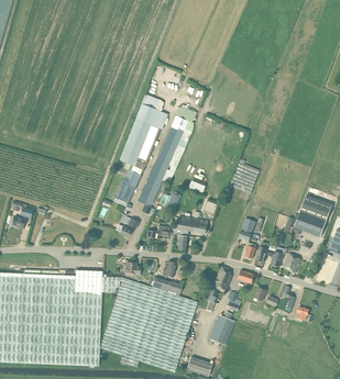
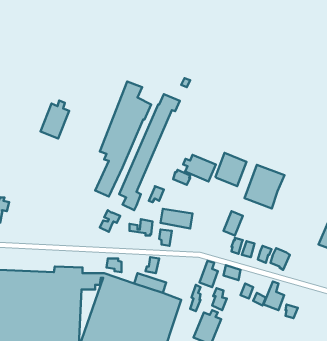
building: none -> [41,101,69,139]
building: none -> [183,155,216,181]
building: [294,193,332,235] -> [244,165,284,209]

